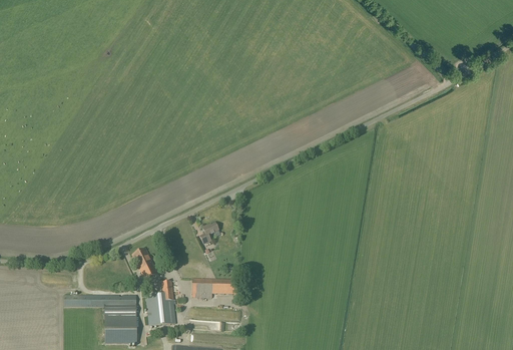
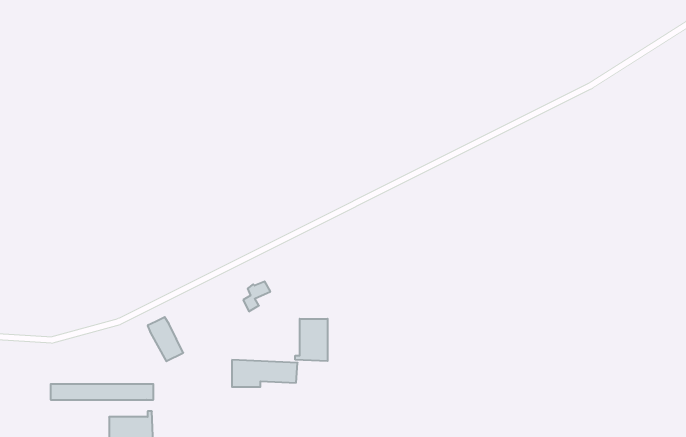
building: none -> [295,319,328,361]
building: [145,281,175,326] -> none

